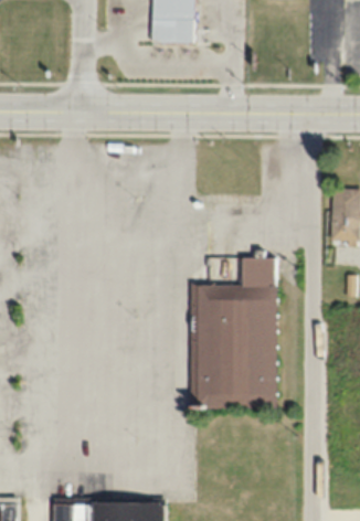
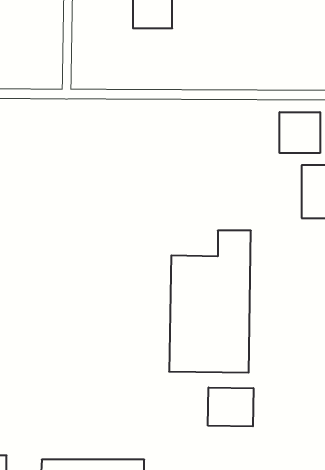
building: none -> [280,112,320,153]
building: none -> [208,387,253,426]

